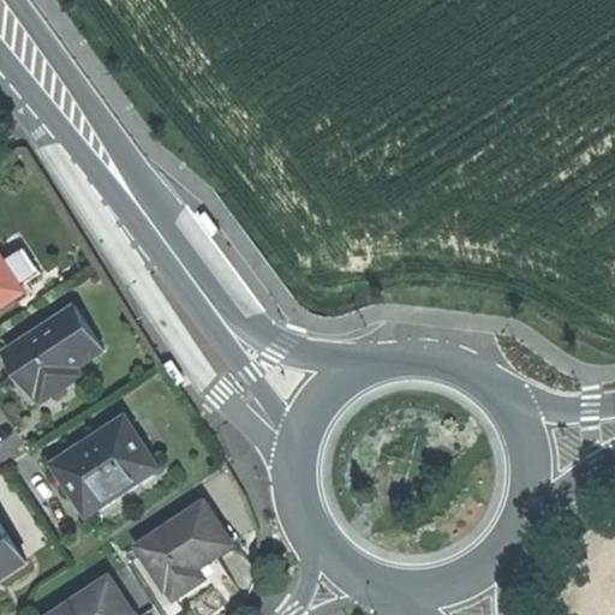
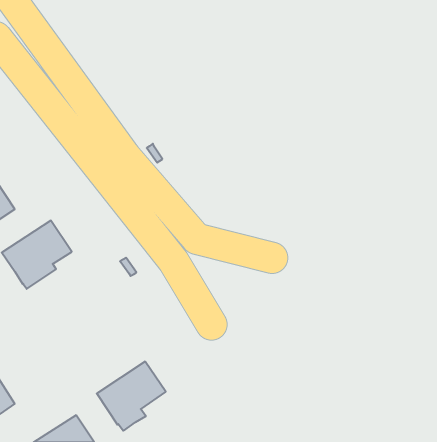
building: [52,418,154,514] -> none

